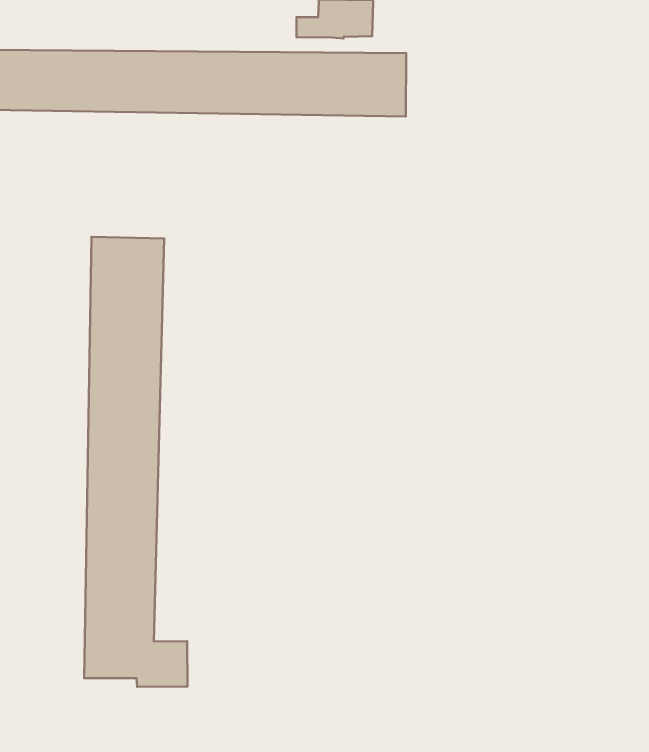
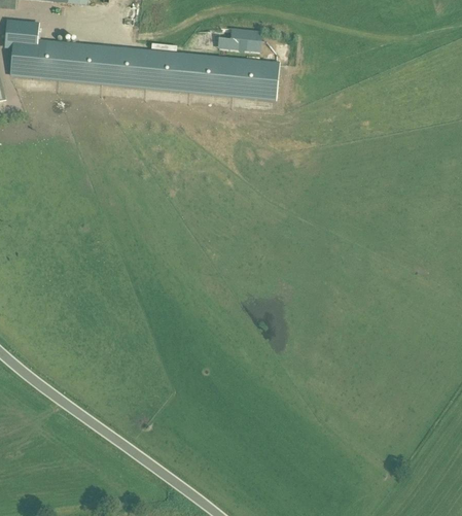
building: [84,237,187,687] -> none

